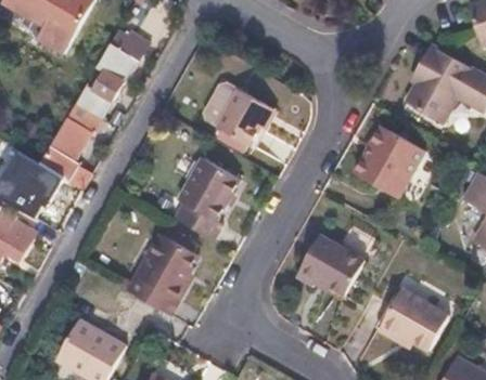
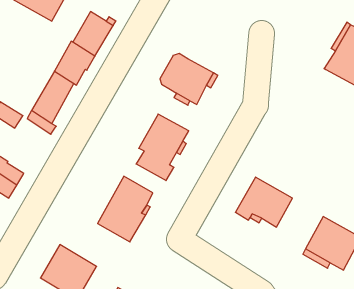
building: [355,127,423,197] -> none
building: [16,165,66,209] -> none

